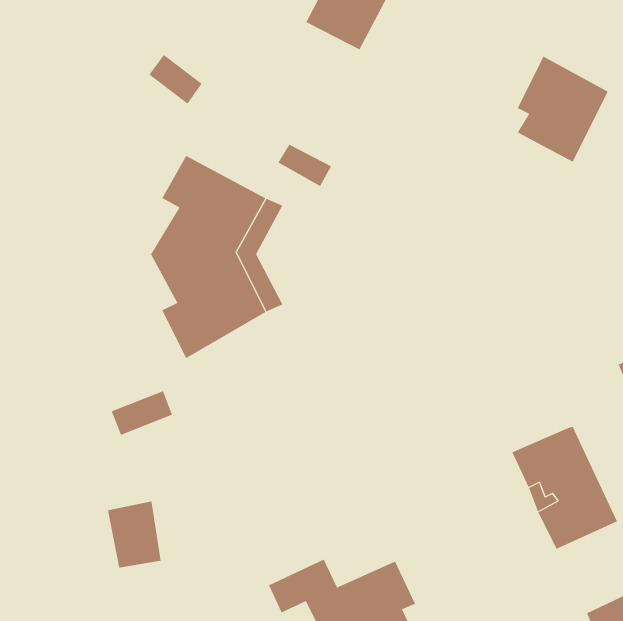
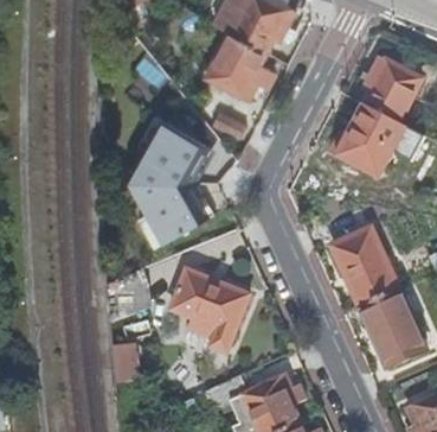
building: none -> [207,34,264,95]
building: none -> [338,104,399,166]
building: none -> [333,229,399,307]
building: none -> [169,271,250,341]

